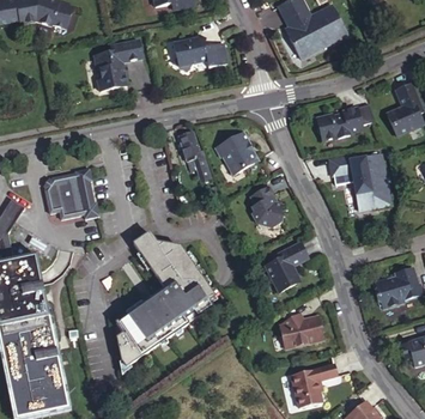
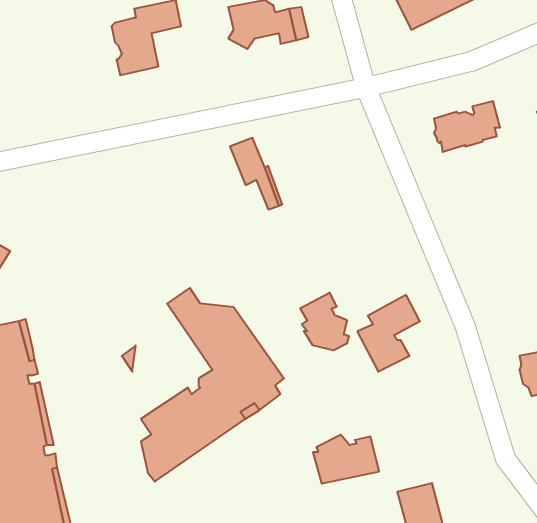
building: [214,132,256,175] -> none
building: [351,154,378,204] -> none
building: [44,170,99,221] -> none
building: [248,186,281,225] -> [300,293,349,350]
building: [279,315,324,348] -> [313,435,379,484]

